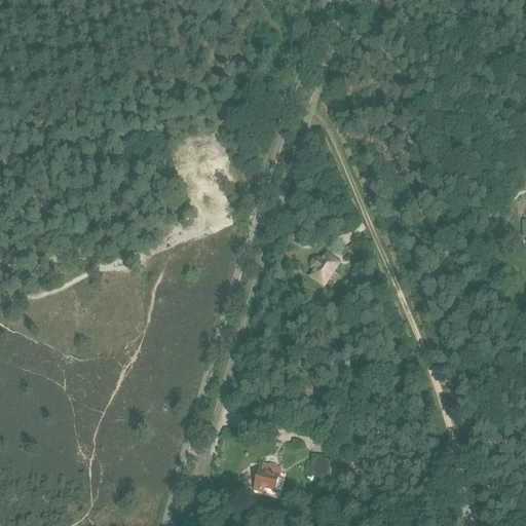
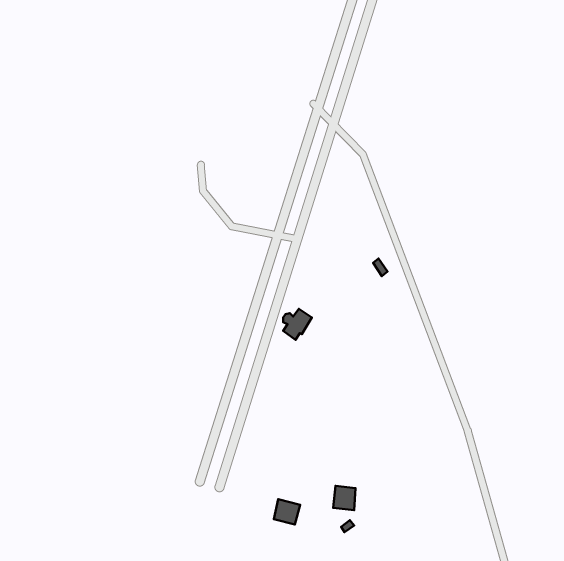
building: [311,252,338,280] -> [283,309,312,340]

